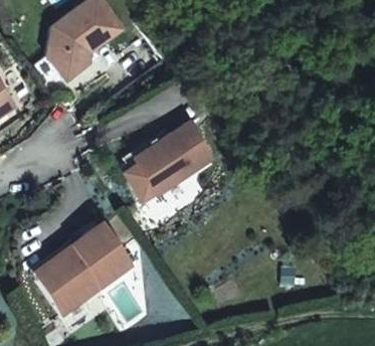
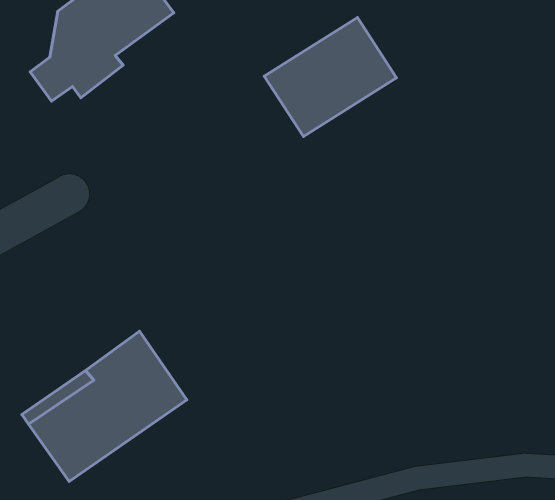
building: [134,122,215,195] -> [264,17,397,137]

